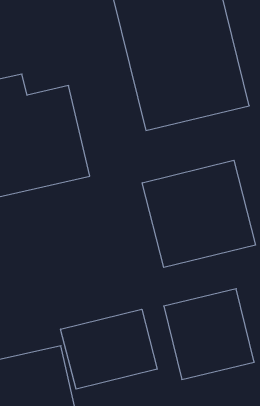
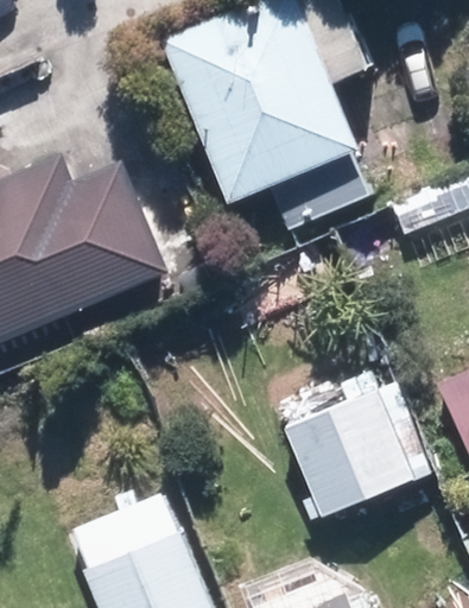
building: [142,160,255,267] -> none
building: [61,309,157,389] -> none

